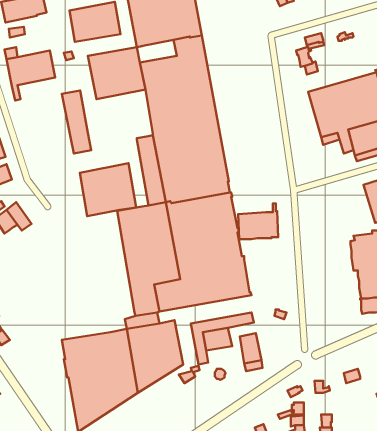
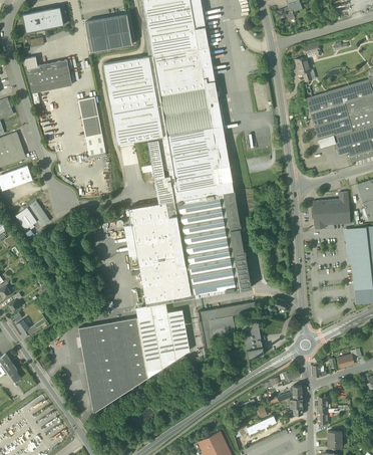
building: none -> [147,49,184,70]
building: [80,163,136,216] -> [110,95,162,145]
building: [238,203,278,239] -> [313,191,350,224]

